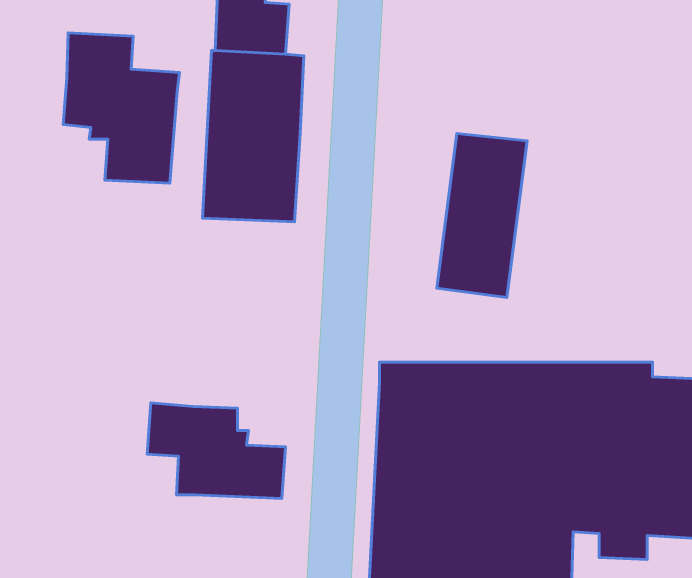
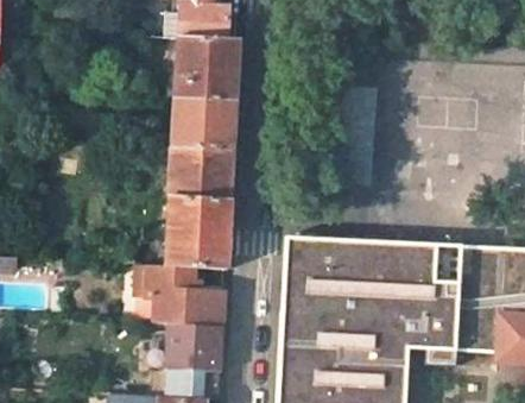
building: [63,33,180,183] -> none
building: none -> [166,145,232,270]
building: none -> [165,323,223,372]

